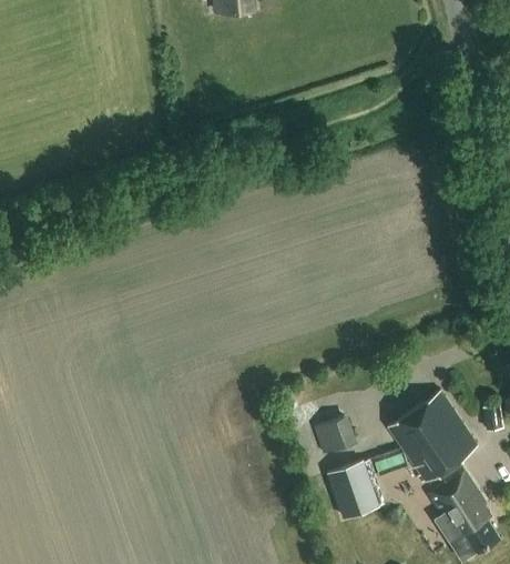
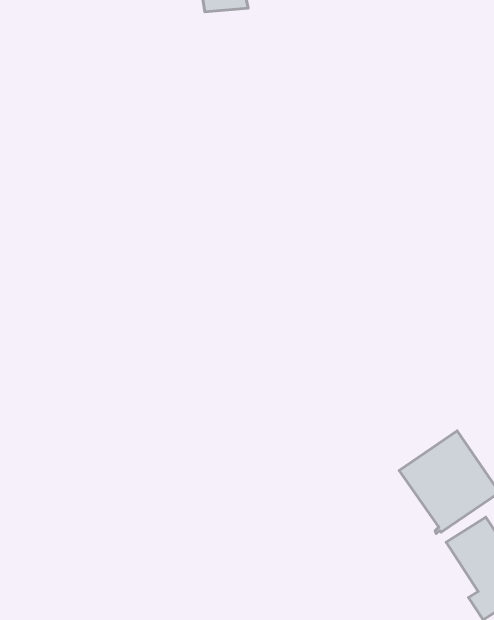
building: [313,414,356,454] -> none
building: [328,460,384,518] -> none

